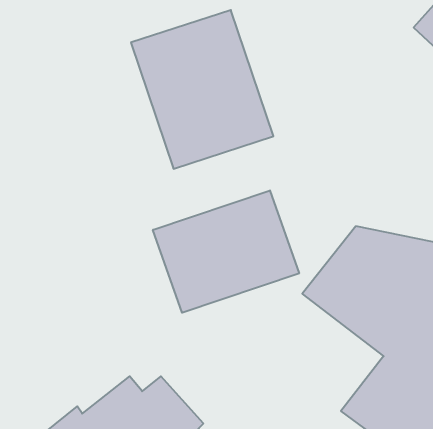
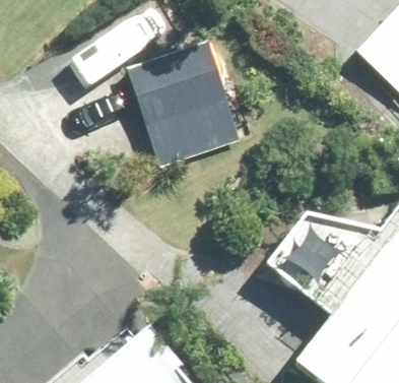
building: [153,190,299,313] -> none

